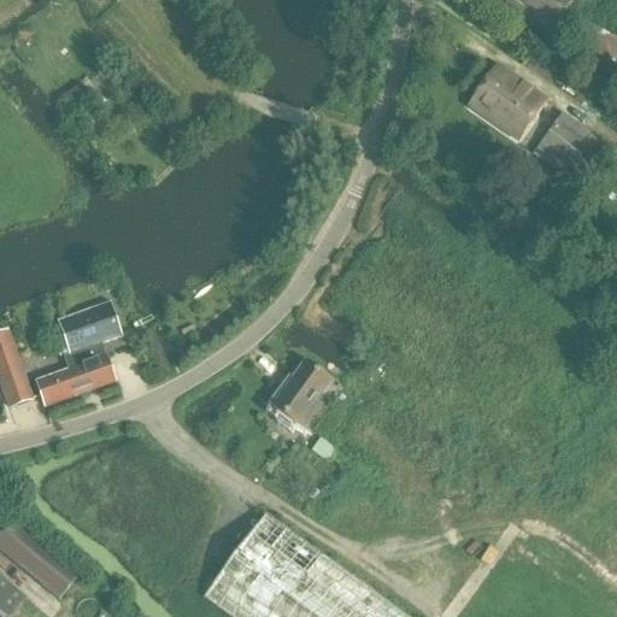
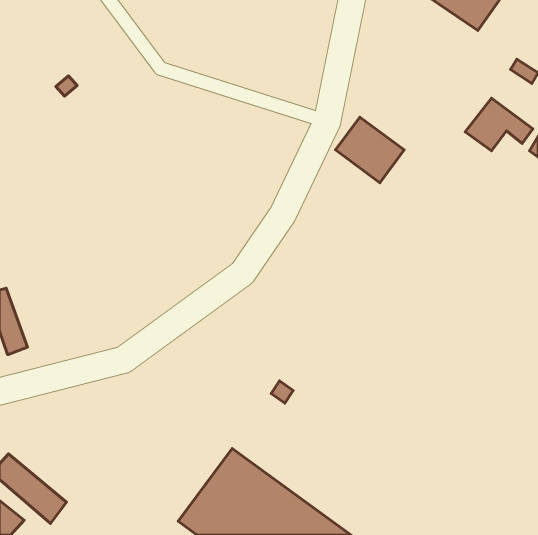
building: [466,63,545,137] -> [336,117,404,183]
building: [34,300,121,406] -> none
building: [270,362,328,421] -> none

